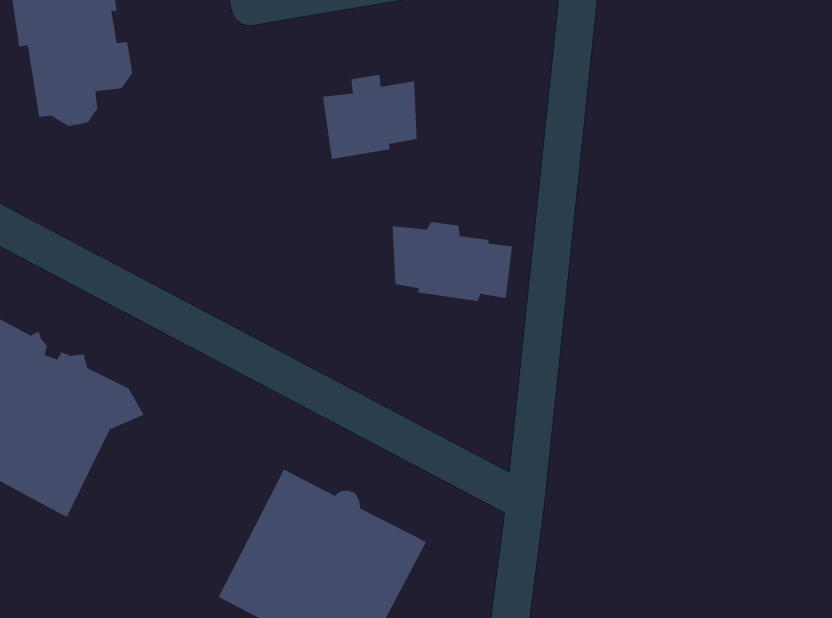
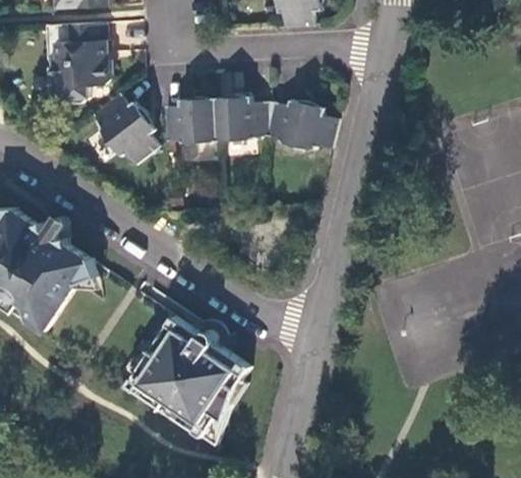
building: none -> [166,98,219,142]
building: none -> [92,92,158,164]
building: [392,222,513,302] -> [270,101,340,150]

